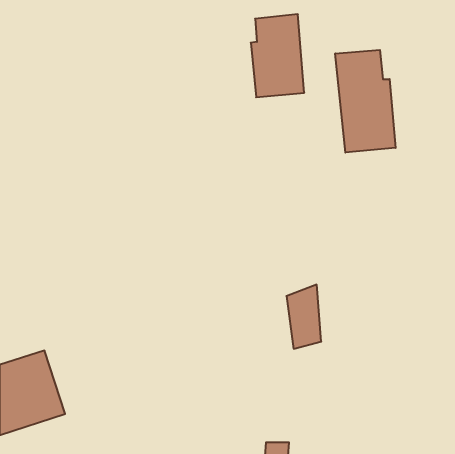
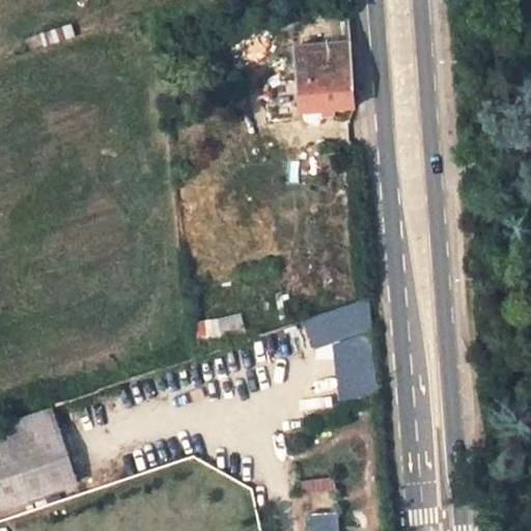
building: [335,50,396,153] -> none
building: none -> [304,299,371,353]

